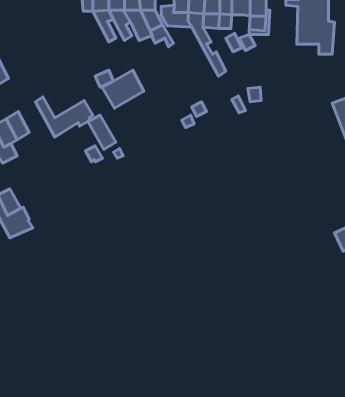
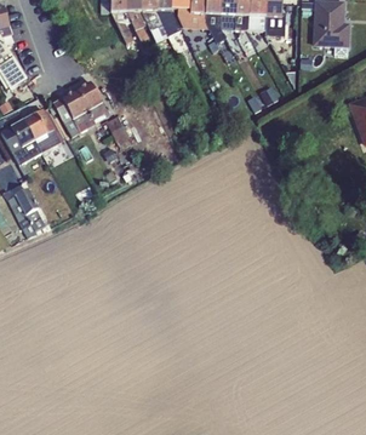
building: [102,70,144,108] -> [61,80,102,118]
building: none -> [29,108,62,155]

